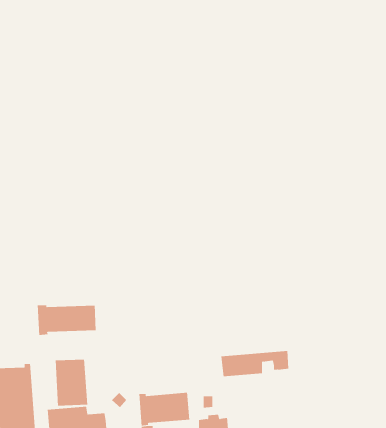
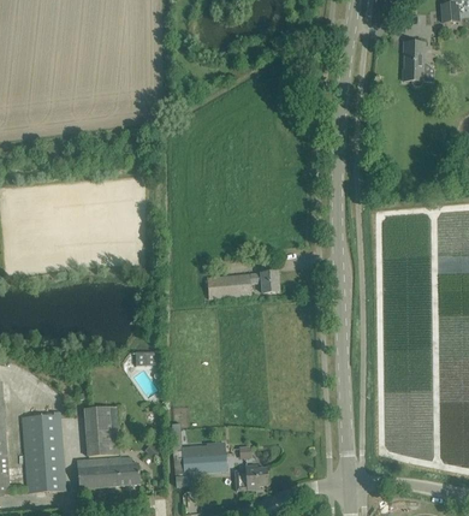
building: none -> [402,41,423,84]
building: [37,304,96,336] -> none
building: [220,351,289,377] -> [206,271,278,298]

